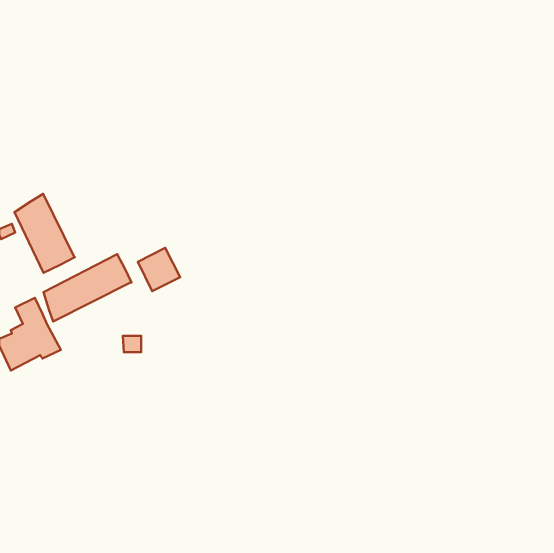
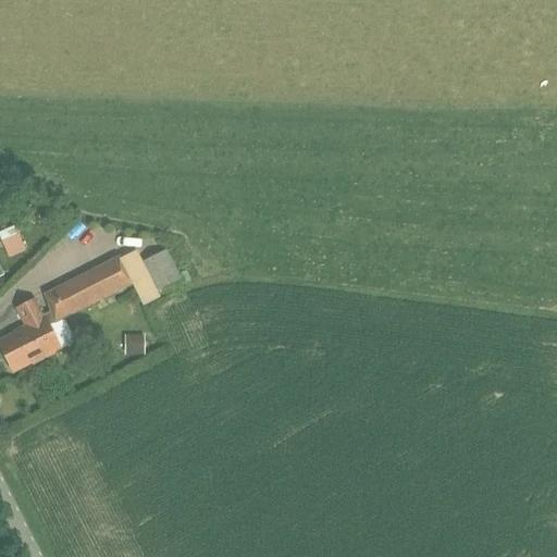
building: [14,194,75,273] -> none

